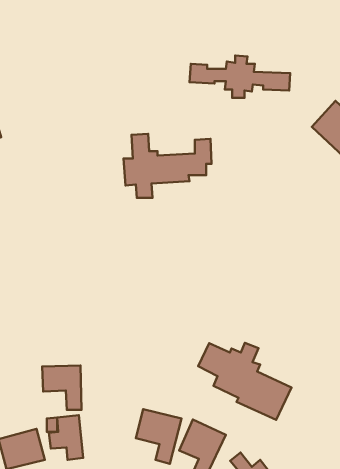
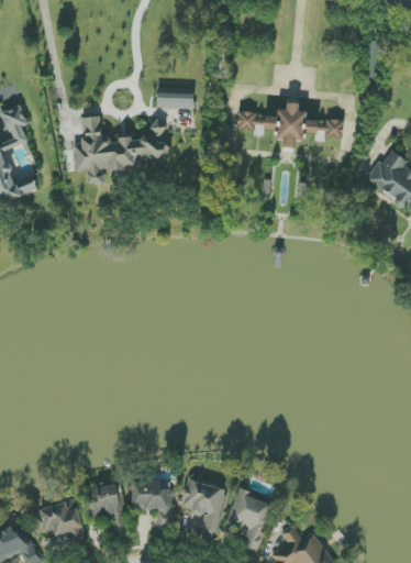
building: none -> [157,87,195,108]
building: [123,134,211,198] -> [74,117,167,185]
building: [198,343,292,420] -> none
building: [42,366,81,410] -> [132,482,174,529]

